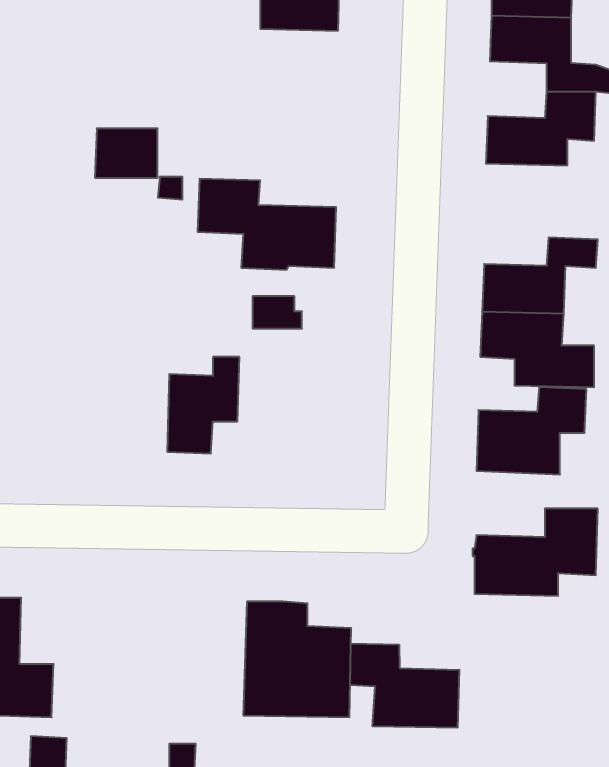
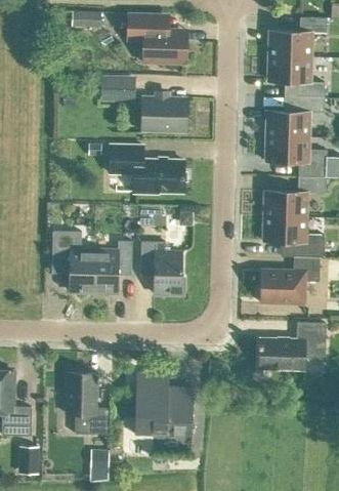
building: none -> [143,98,185,130]
building: [95,128,158,178] -> [101,76,135,103]
building: none -> [265,136,326,177]
building: none -> [51,231,94,292]
building: none -> [140,242,183,294]
building: none -> [67,373,108,435]
building: [350,644,459,728] -> none

